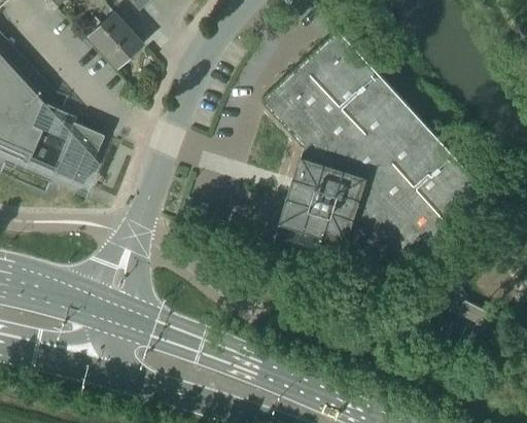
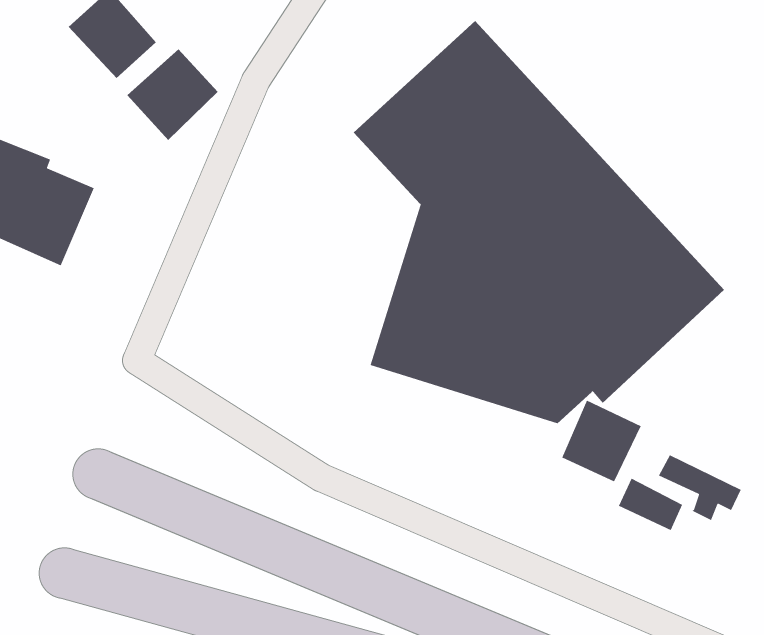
building: none -> [126,48,218,141]
building: none -> [561,400,642,483]

